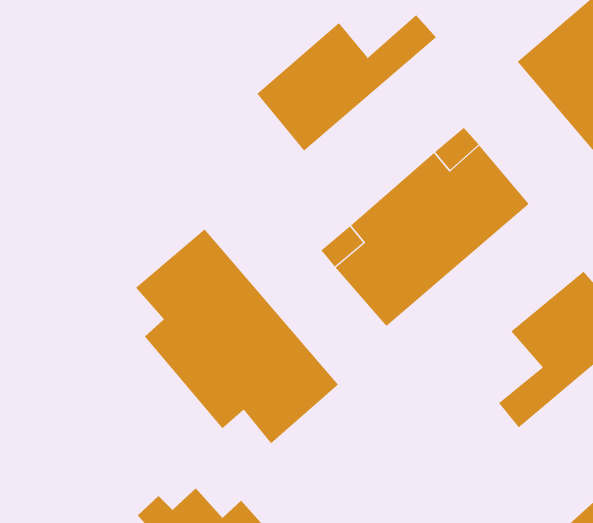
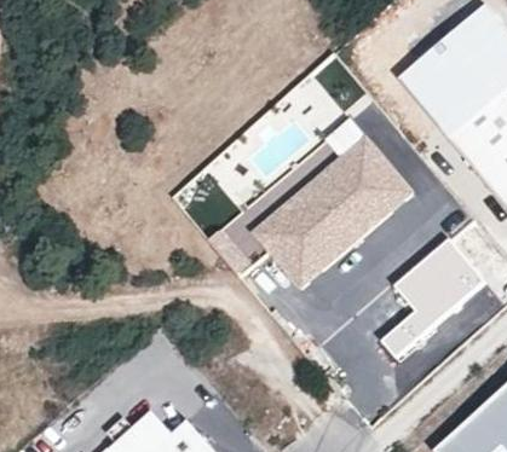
building: [257,15,437,151] -> none
building: [135,229,339,444] -> none

